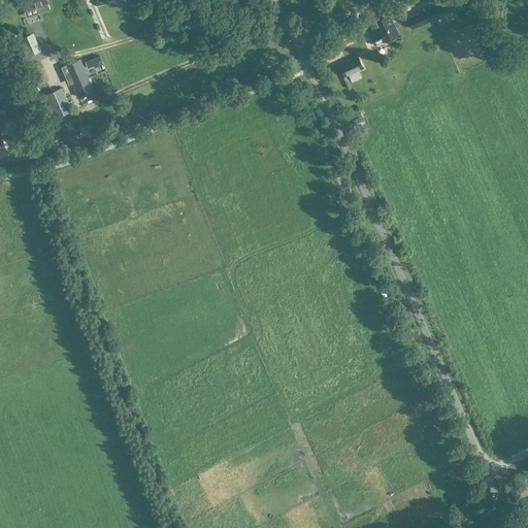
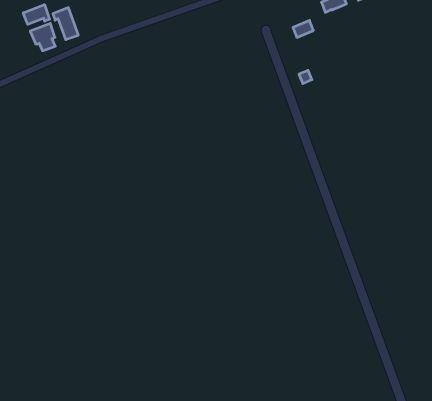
building: none -> [23,5,50,24]

